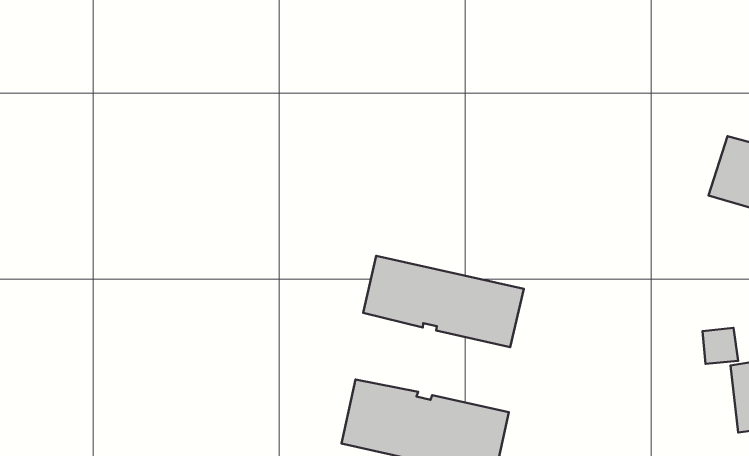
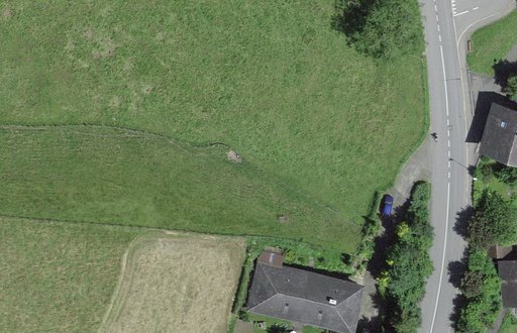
building: [363,256,524,347] -> none

